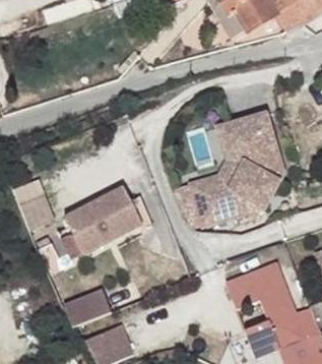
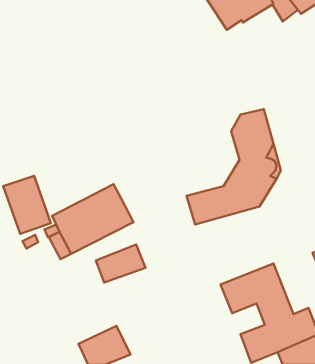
building: [189,119,245,197] -> none
building: [64,289,112,325] -> [96,245,146,283]

